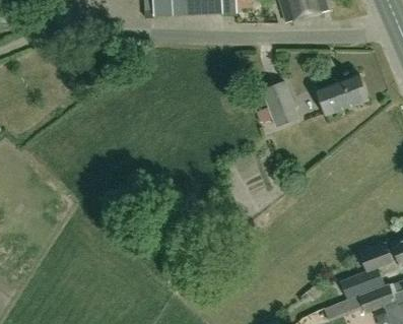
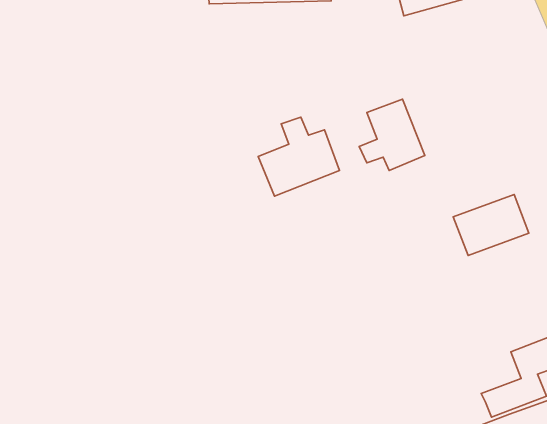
building: [317,73,368,115] -> [453,195,529,256]
building: none -> [258,117,340,196]

